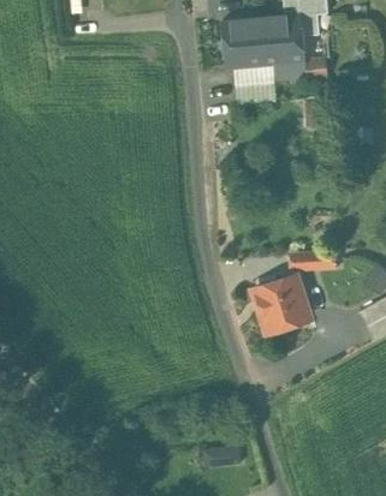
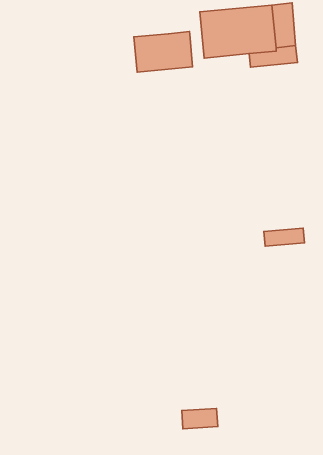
building: none -> [134,32,193,72]
building: [251,273,313,333] -> none

